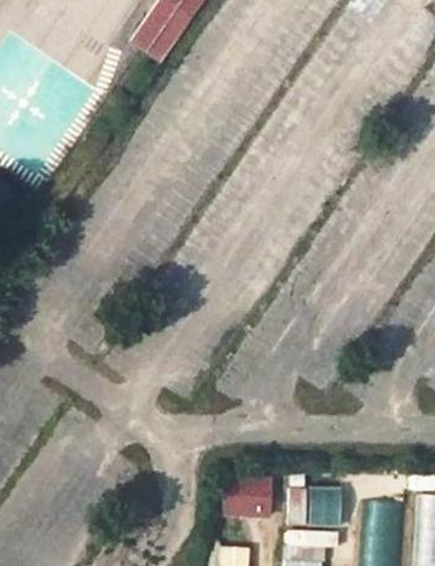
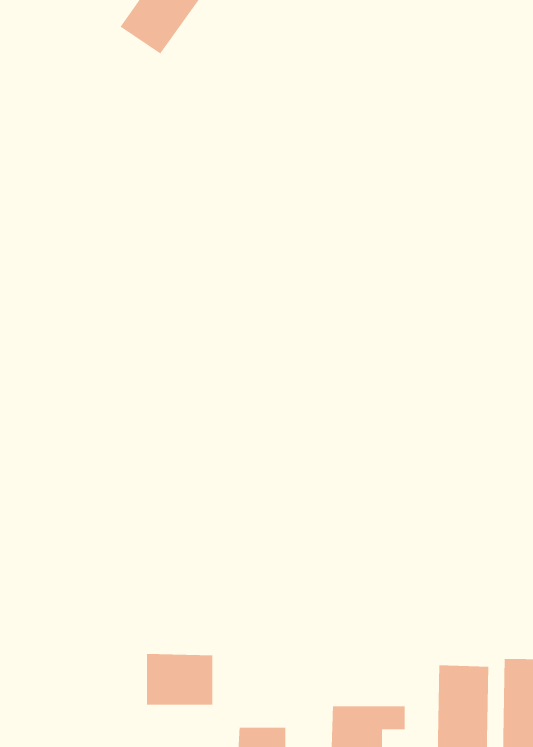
building: [225,479,274,518] -> [146,653,213,706]
building: [289,489,341,529] -> none

